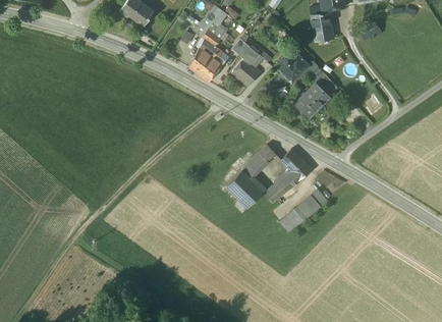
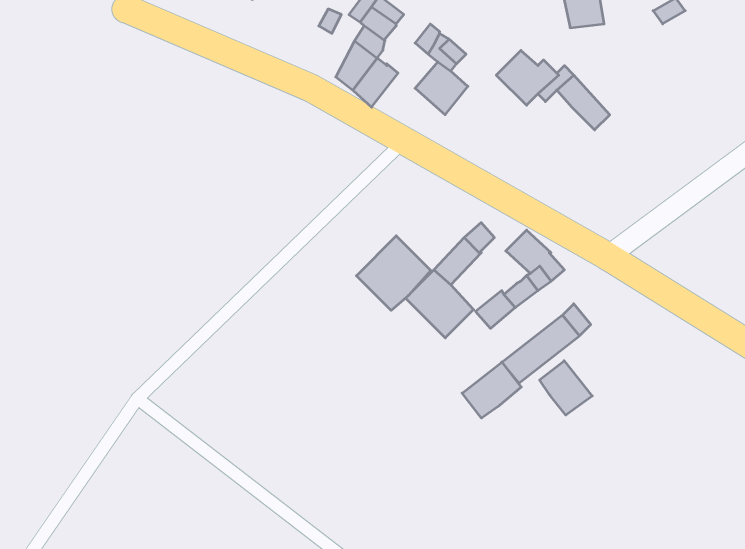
building: [295,83,329,116] -> none
building: none -> [356,236,431,310]
building: none -> [540,361,592,415]
building: none -> [462,362,521,418]

